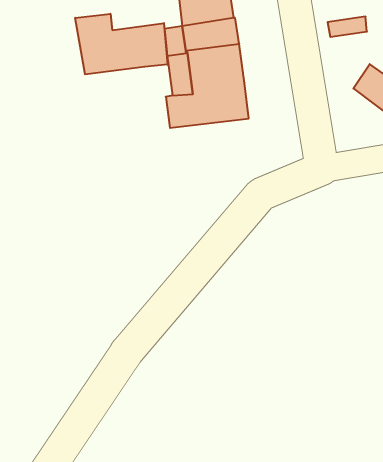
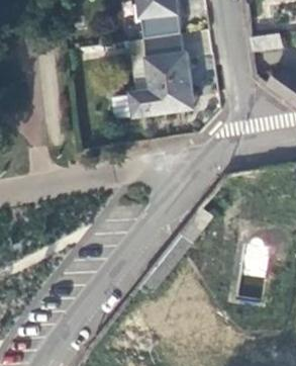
building: [75,14,167,74] -> none

